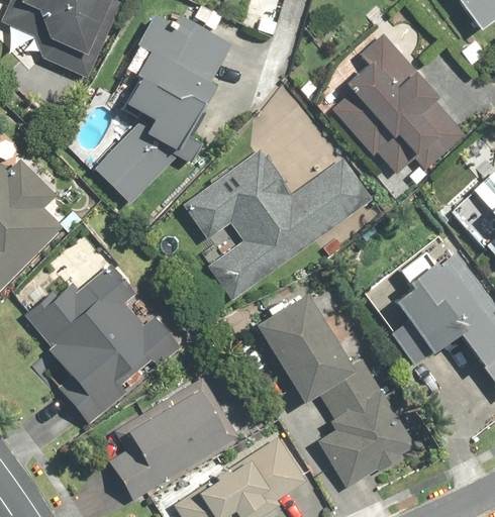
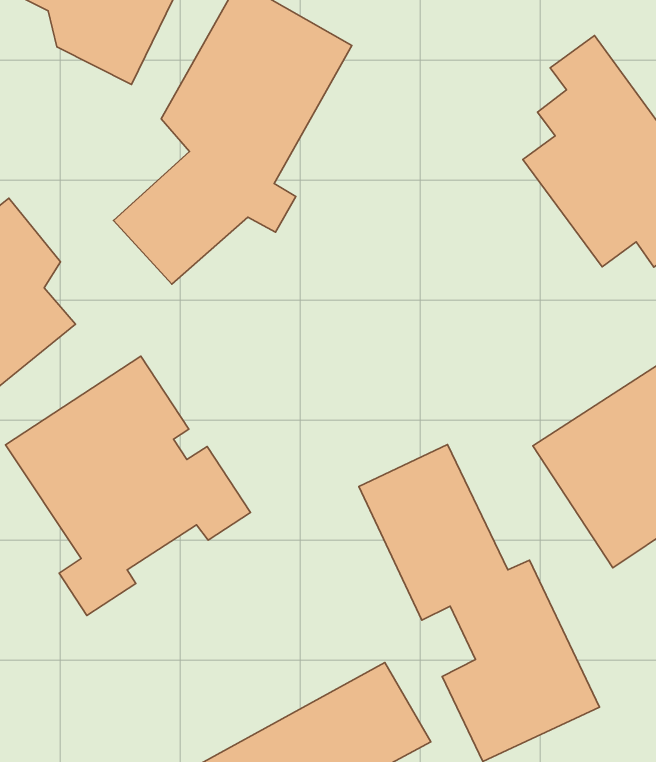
building: [179,140,383,297] -> none
building: [108,367,255,496] -> none

